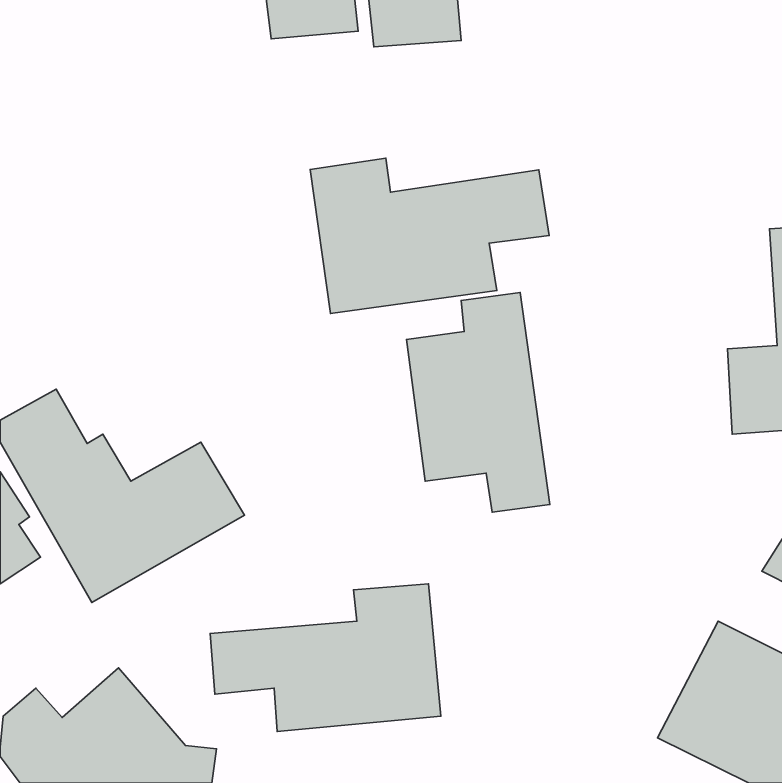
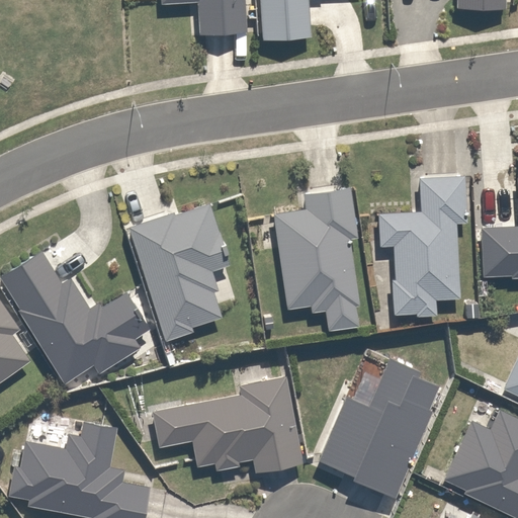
building: [310,158,549,314] -> none
building: none -> [377,173,464,316]
building: none -> [138,201,240,347]
building: none -> [320,363,433,487]

